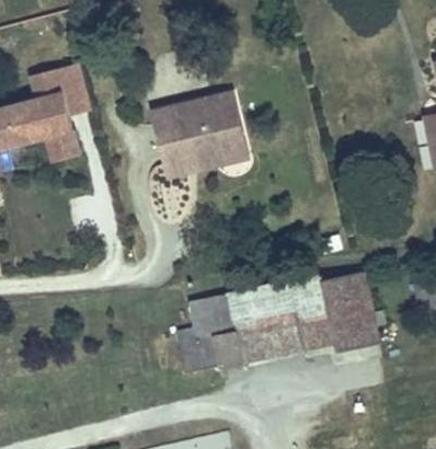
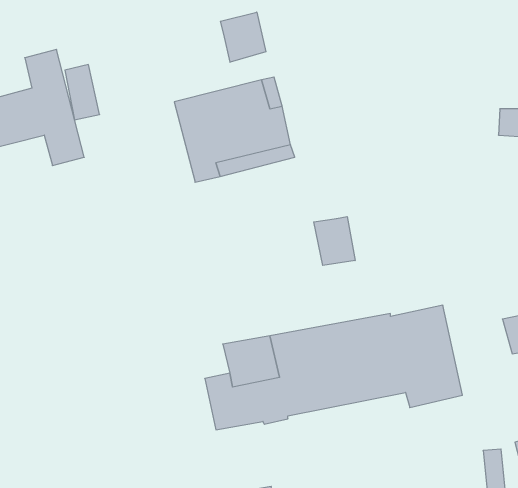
building: none -> [220,12,266,62]
building: none -> [314,217,355,265]

